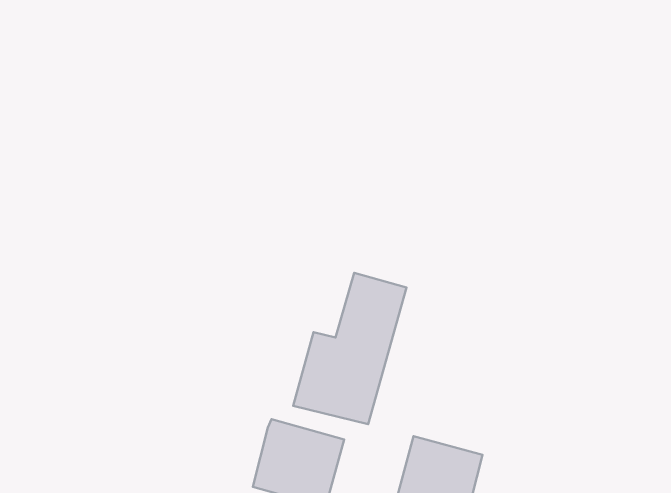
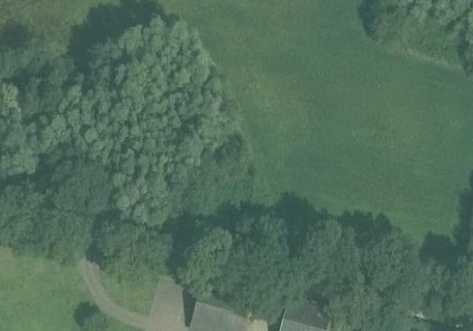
building: [293,273,406,424] -> none

